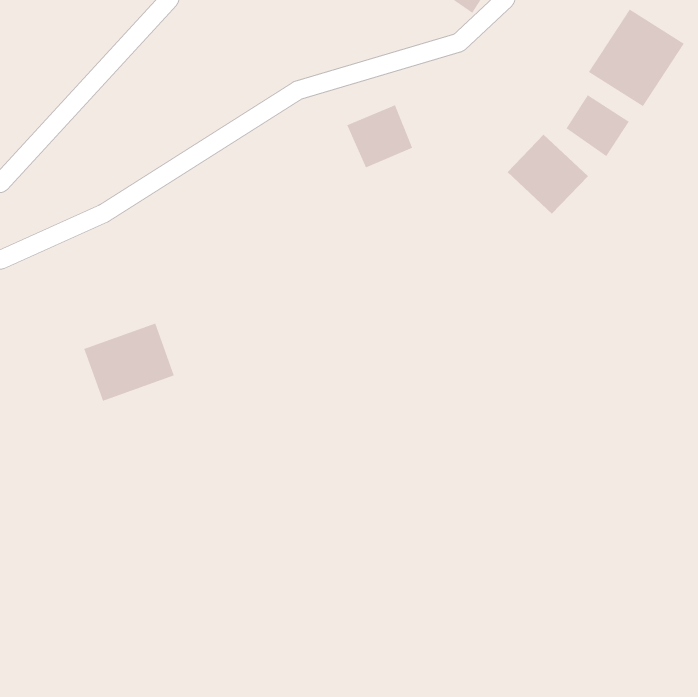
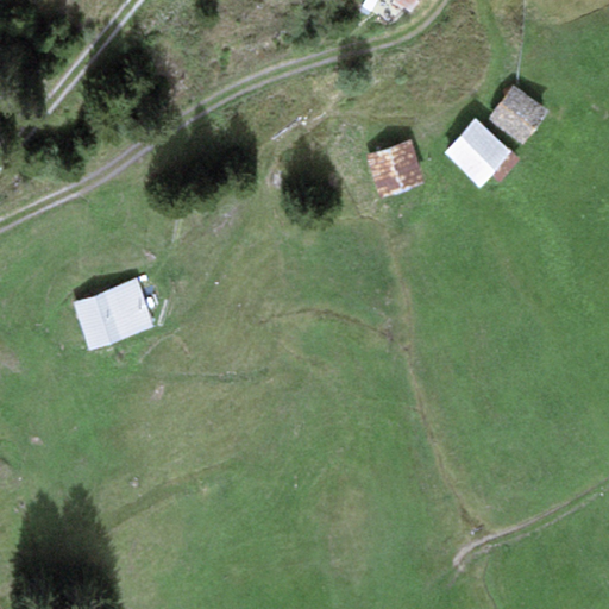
building: [588,8,685,107] -> none
building: [346,104,413,169] -> [370,138,428,194]

